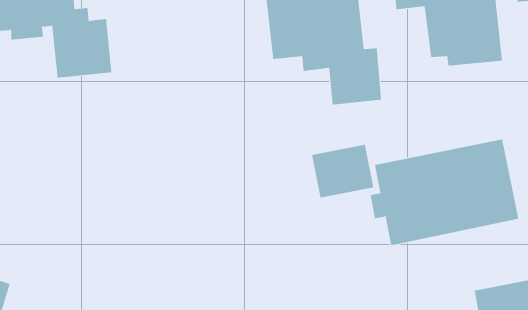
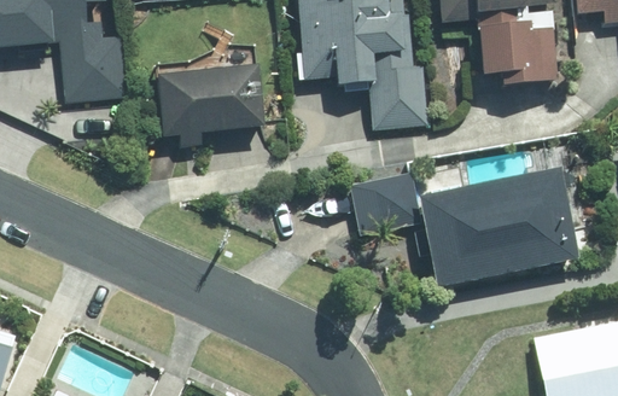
building: none -> [157,68,266,147]

